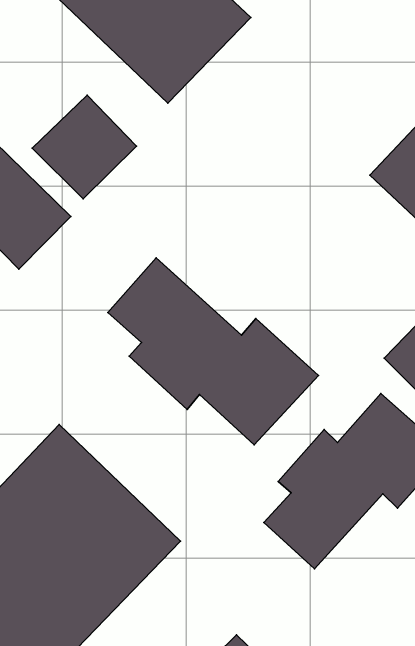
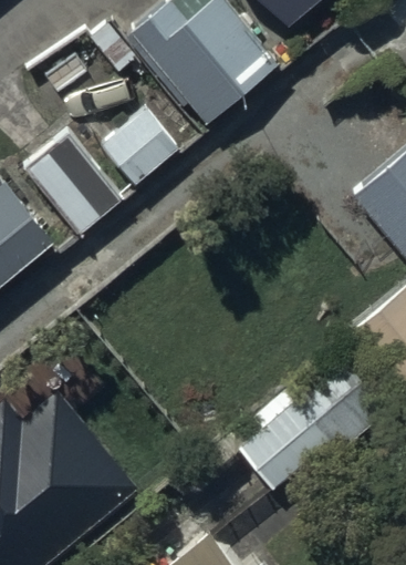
building: [108,258,318,445] -> none

